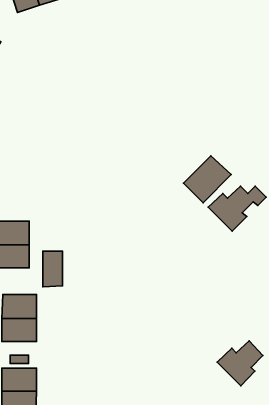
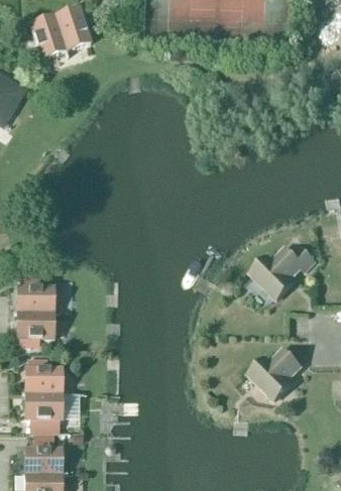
building: [184,156,231,203] -> none
building: [43,251,63,287] -> none
building: [217,341,263,386] -> [249,349,300,398]

